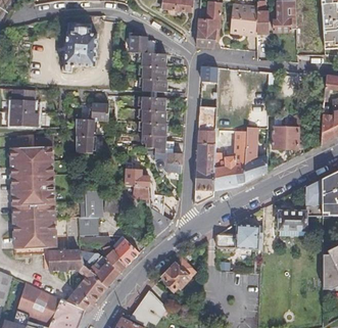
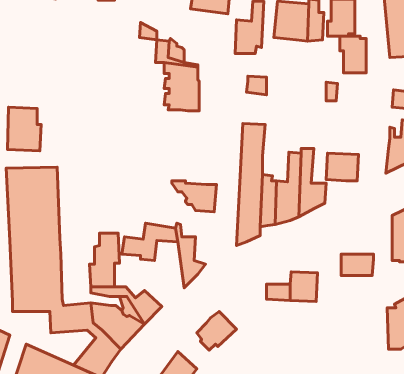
building: [63,21,96,71] -> none
building: none -> [340,36,366,73]
building: [137,96,174,152] -> none
building: [74,103,107,153] -> none
building: [123,170,148,188] -> none
building: [308,178,325,215] -> none

